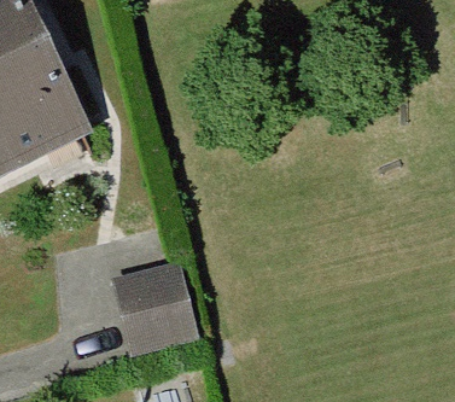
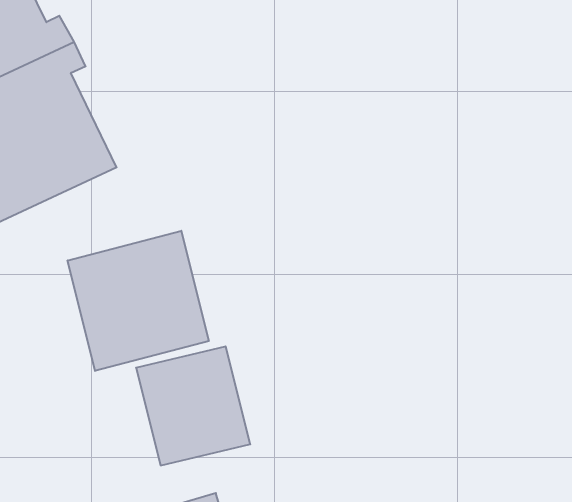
building: none -> [68,231,209,371]

